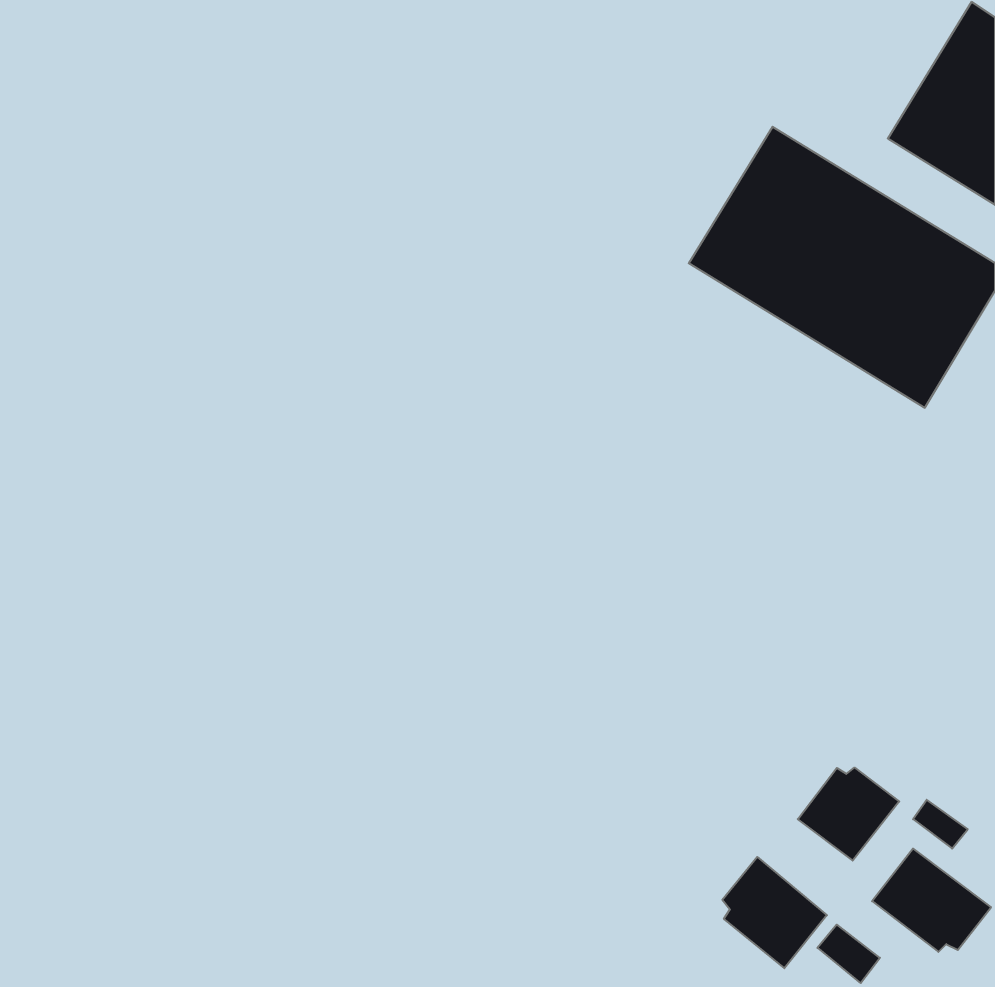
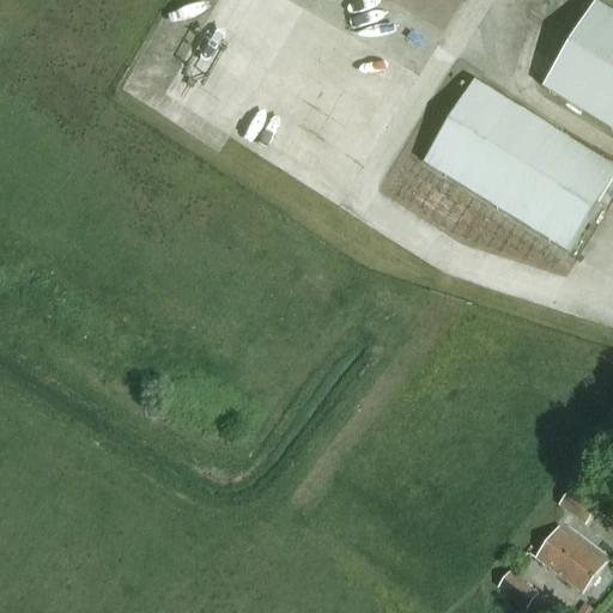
building: [798,768,899,861] -> none
building: [722,857,827,968] -> none

